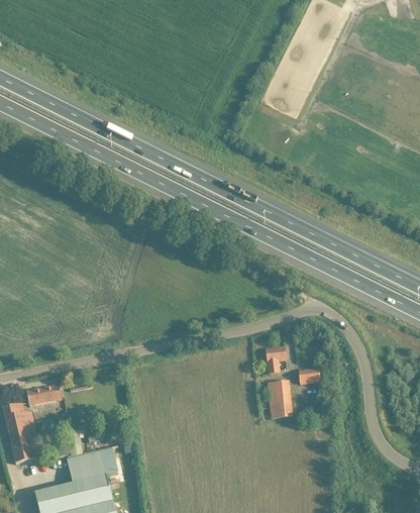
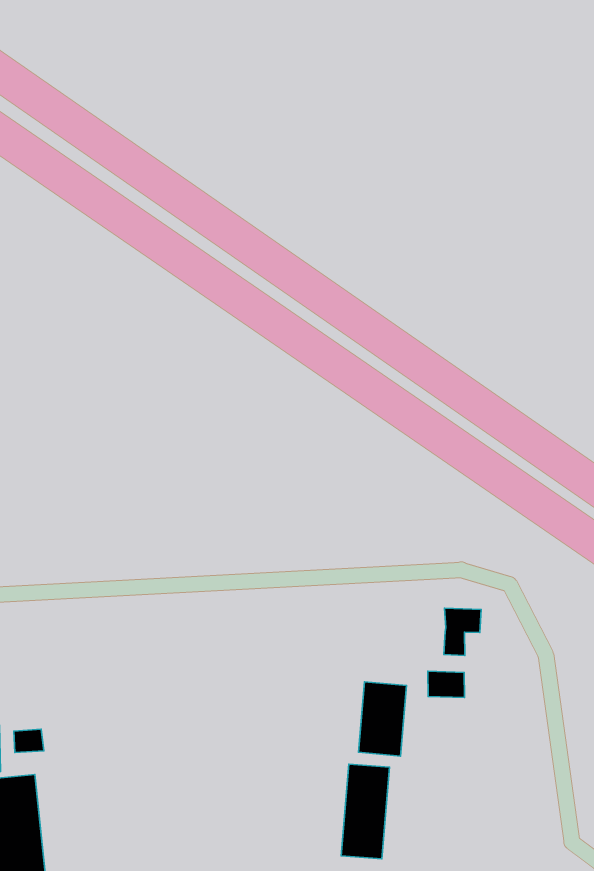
building: [267,347,287,374] -> [444,608,481,656]
building: none -> [341,764,390,859]

